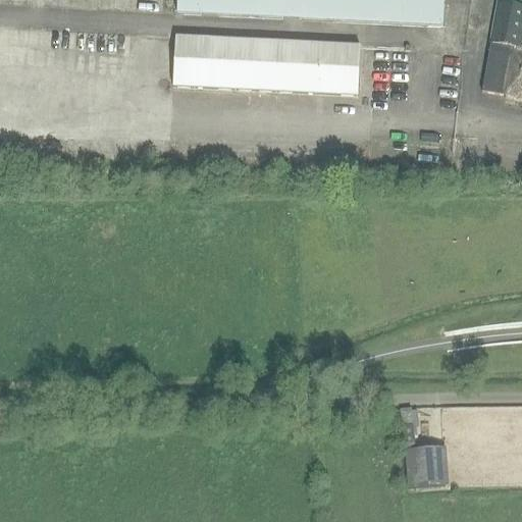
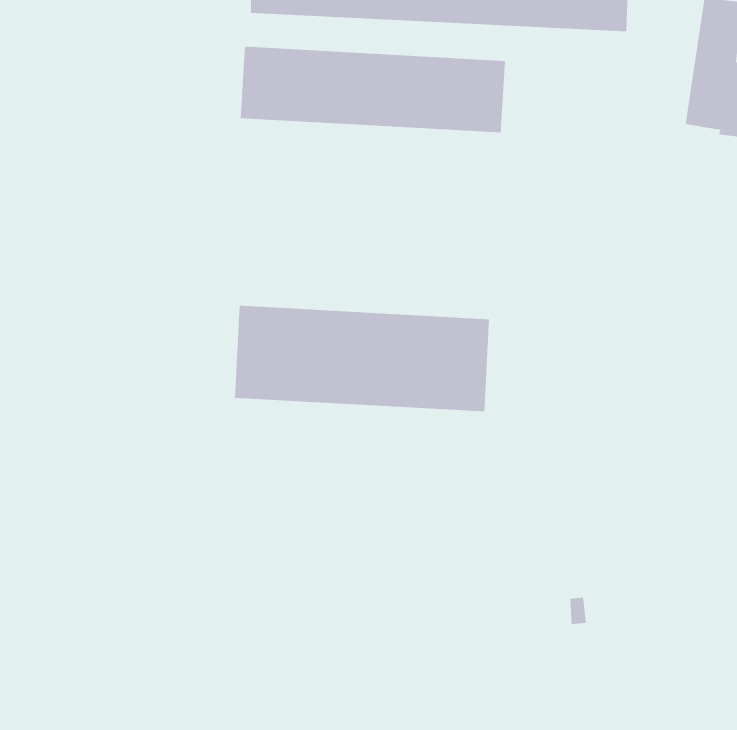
building: none -> [234,305,490,412]
building: [404,442,448,484] -> none

